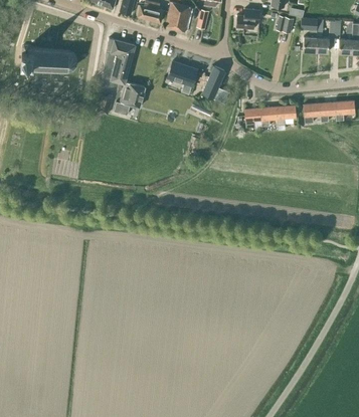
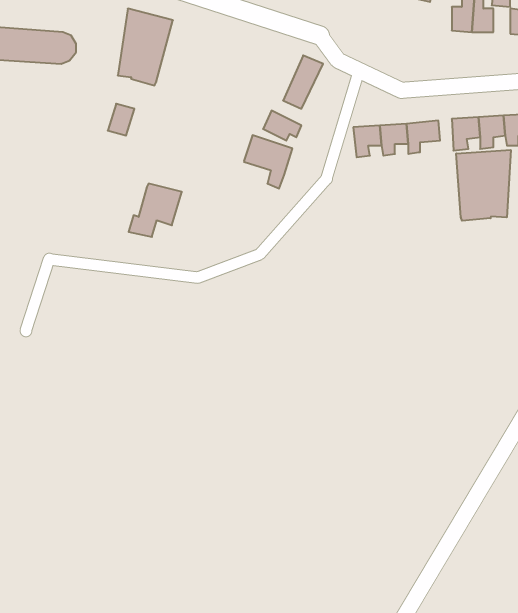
building: [168,61,197,93] -> [244,135,292,189]
building: [114,81,146,114] -> [129,184,182,237]
building: none -> [456,150,511,221]

